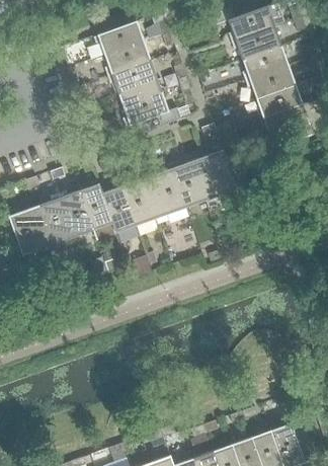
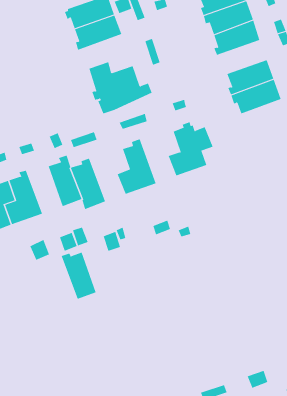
building: [107,59,163,97] -> none
building: [246,65,297,98] -> none
building: [170,156,210,208] -> none
building: [119,173,159,226] -> none
building: [57,190,92,238] -> [61,252,96,300]

